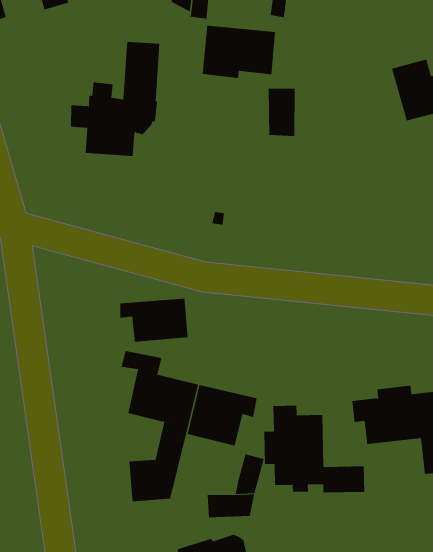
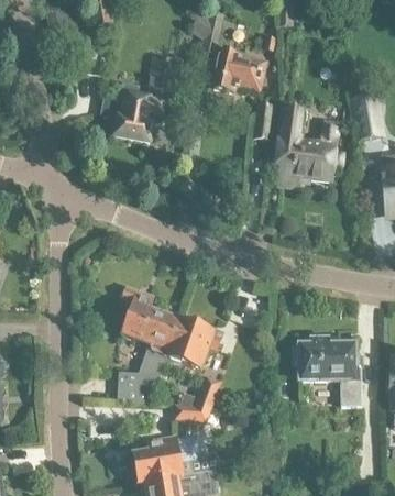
building: none -> [274,107,343,187]
building: [120,298,188,343] -> none
building: [264,405,365,493] -> none

